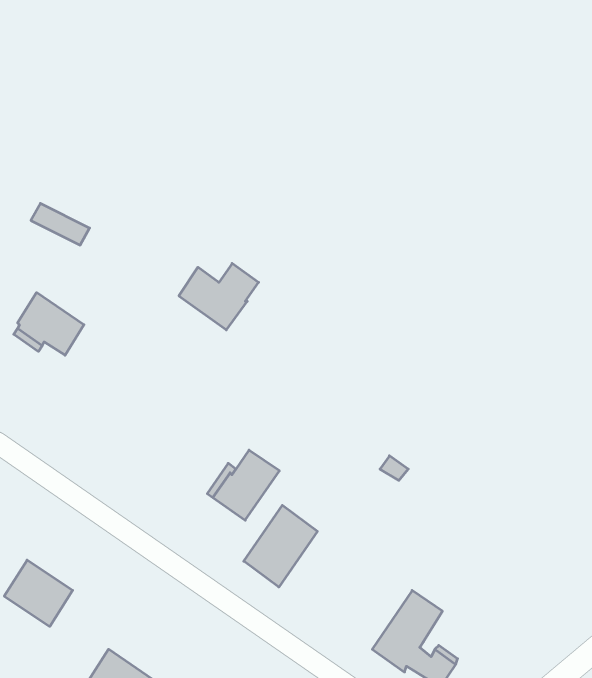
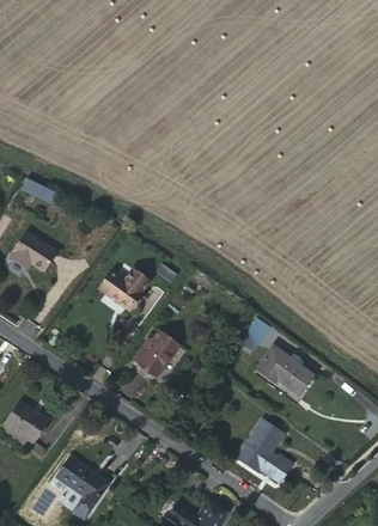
building: [179,263,259,330] -> [98,268,148,310]
building: none -> [258,347,312,393]
building: [244,505,317,587] -> none

